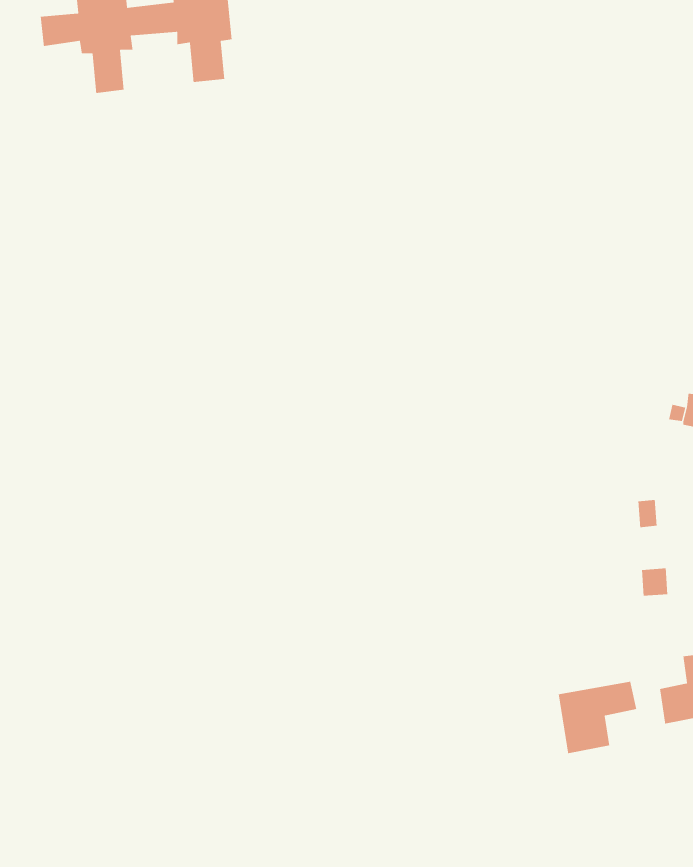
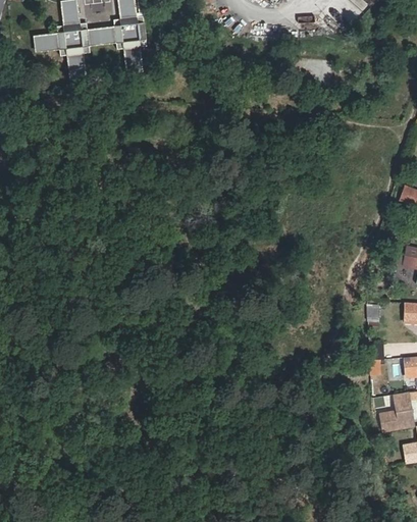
building: [558,681,637,754] -> none

